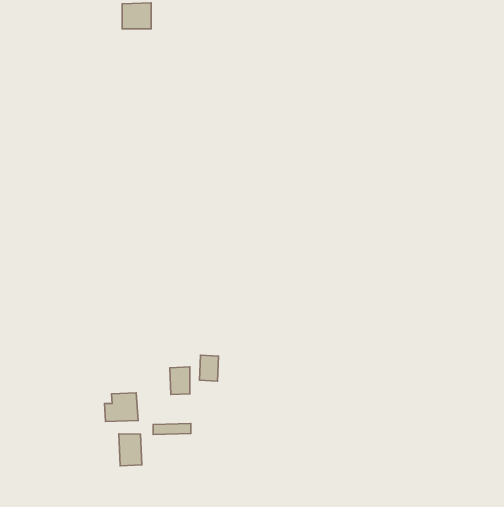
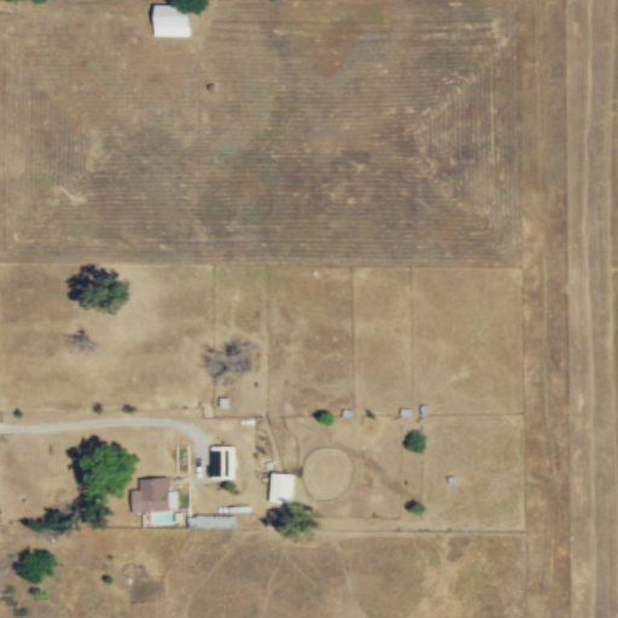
building: [200,355,218,381] -> [269,473,292,505]
building: [119,434,142,466] -> none

